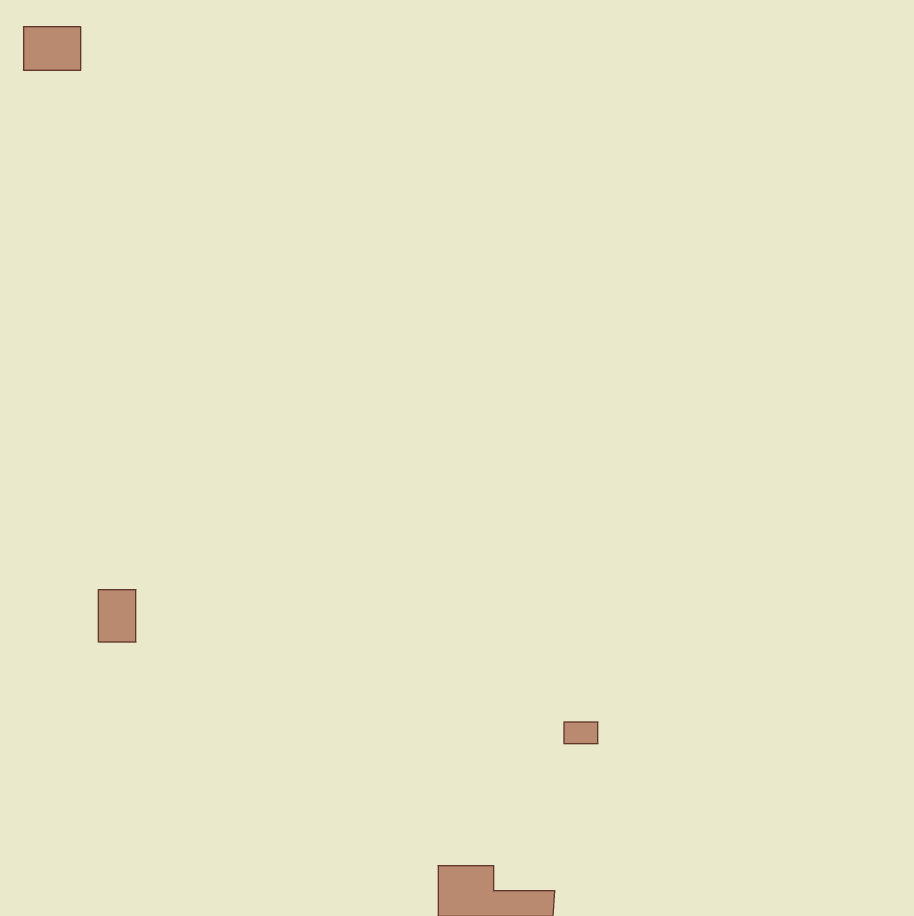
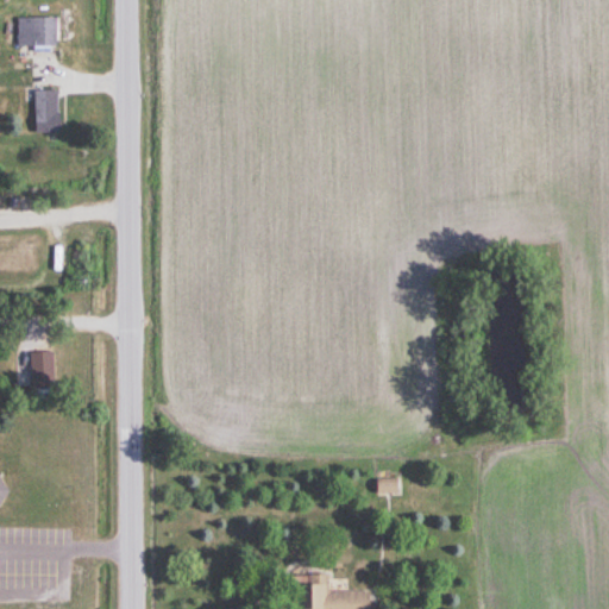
building: none -> [34,90,59,133]
building: [98,590,136,642] -> [31,351,56,385]

